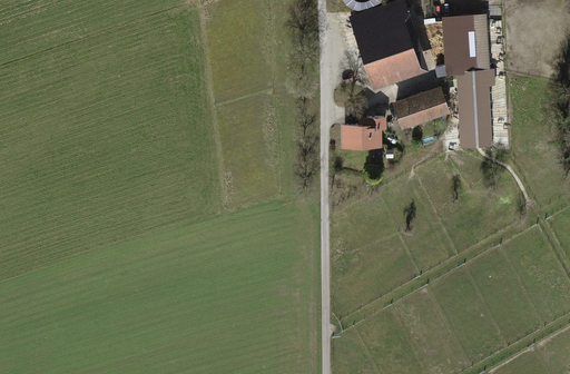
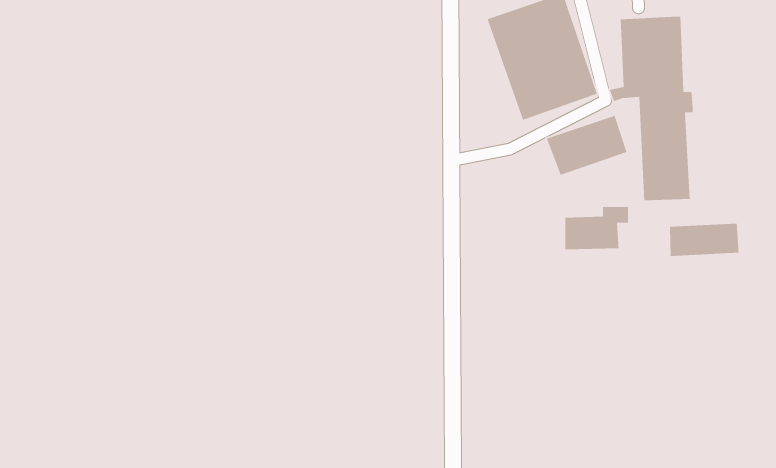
building: [341,117,386,148] -> [564,206,629,250]
building: none -> [669,223,739,257]

